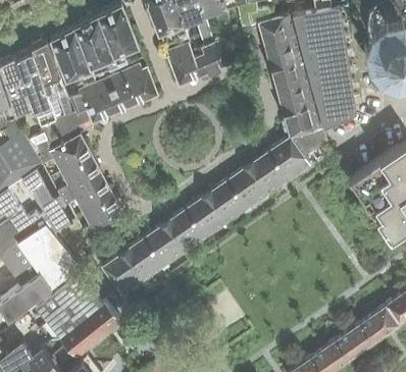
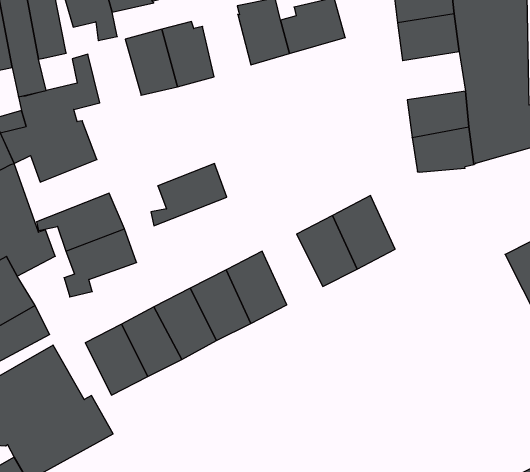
building: [270,61,311,95] -> none
building: [78,82,114,124] -> none
building: [262,127,327,187] -> none
building: [58,157,103,200] -> [151,164,227,226]
building: [201,185,241,229] -> none

